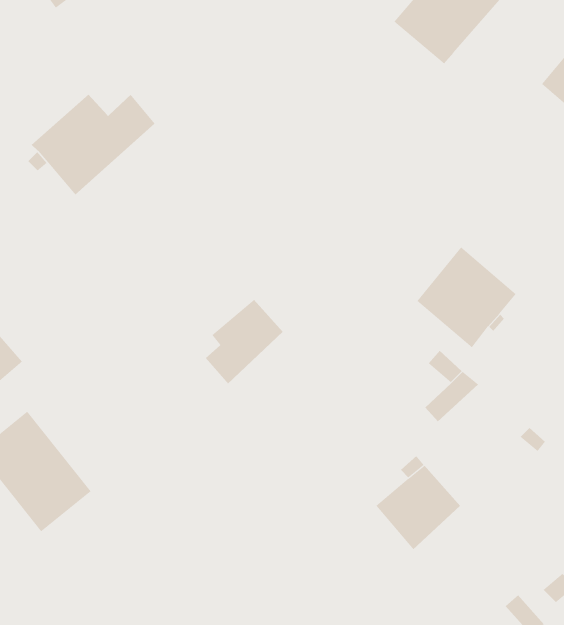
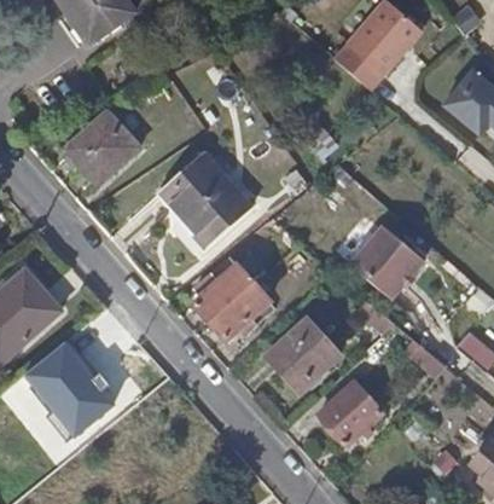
building: none -> [158,152,249,243]
building: none -> [211,285,275,341]
building: none -> [268,324,342,396]

